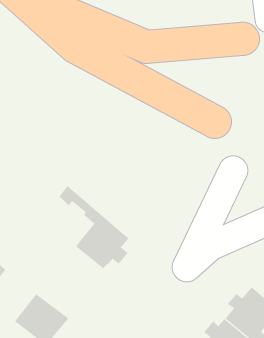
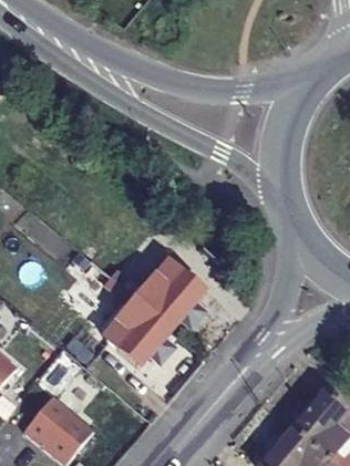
building: none -> [92,248,202,327]

